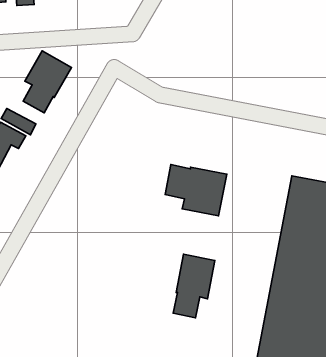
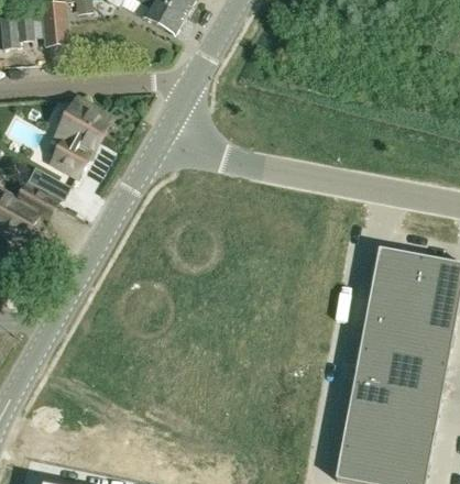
building: [165,165,227,216] -> none
building: [173,254,215,318] -> none

